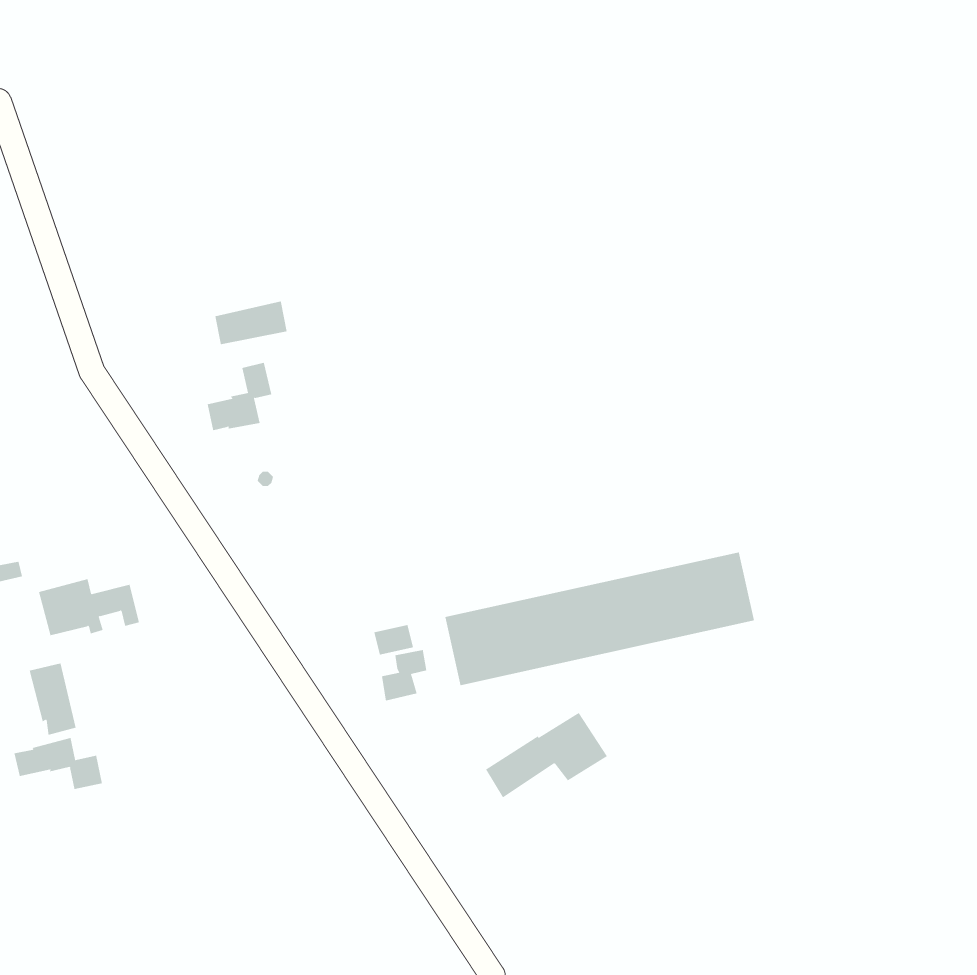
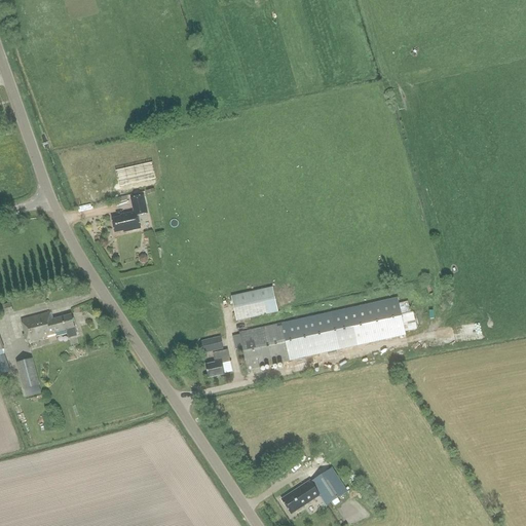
building: none -> [230,286,277,320]
building: [485,712,608,798] -> [280,466,346,513]
building: [14,737,103,790] -> none

